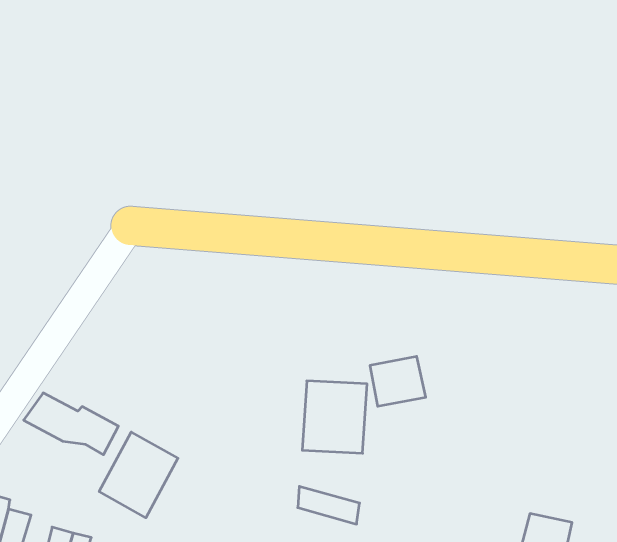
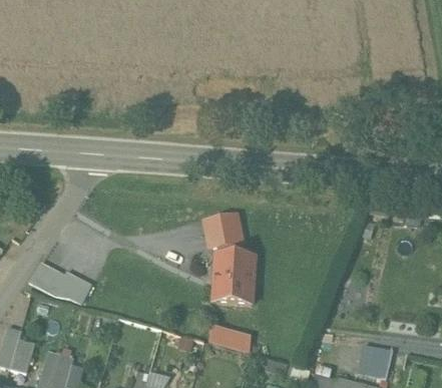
building: [370,356,426,406] -> [204,215,242,248]
building: [99,432,178,518] -> none

